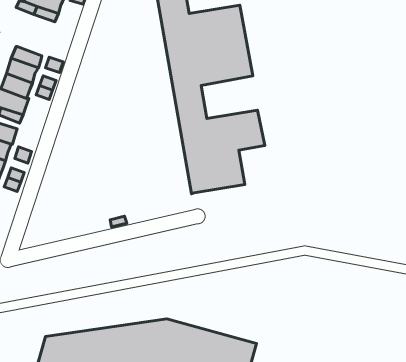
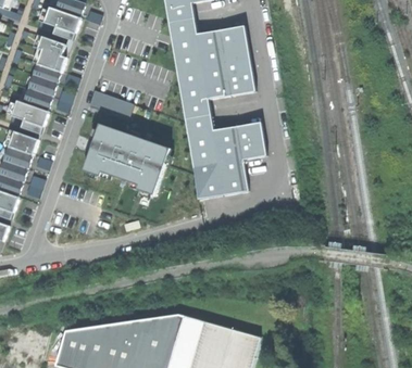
building: none -> [37,36,66,72]
building: none -> [87,89,133,119]
building: none -> [82,123,170,194]

